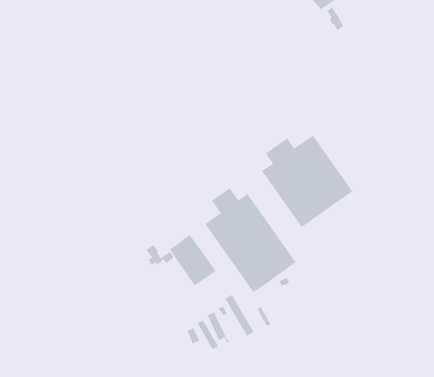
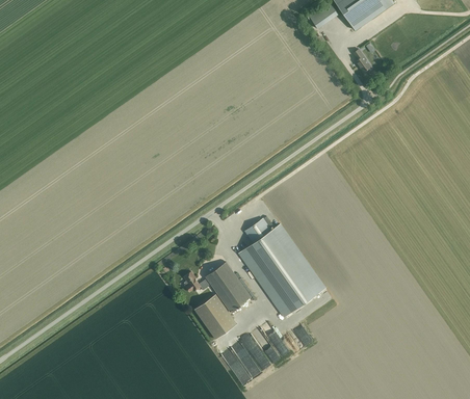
building: [261,135,353,228] -> none
building: none -> [193,294,236,339]

